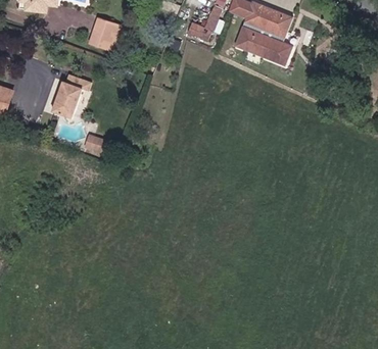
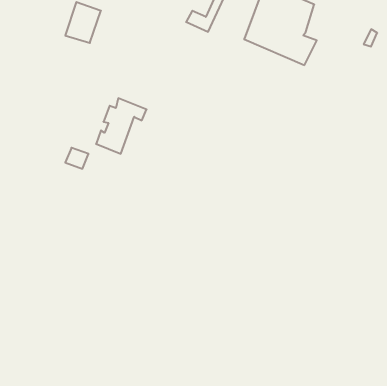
building: [48,73,90,119] -> [96,98,147,154]

